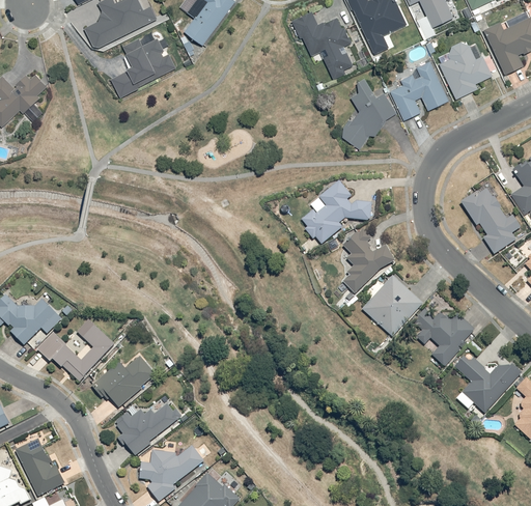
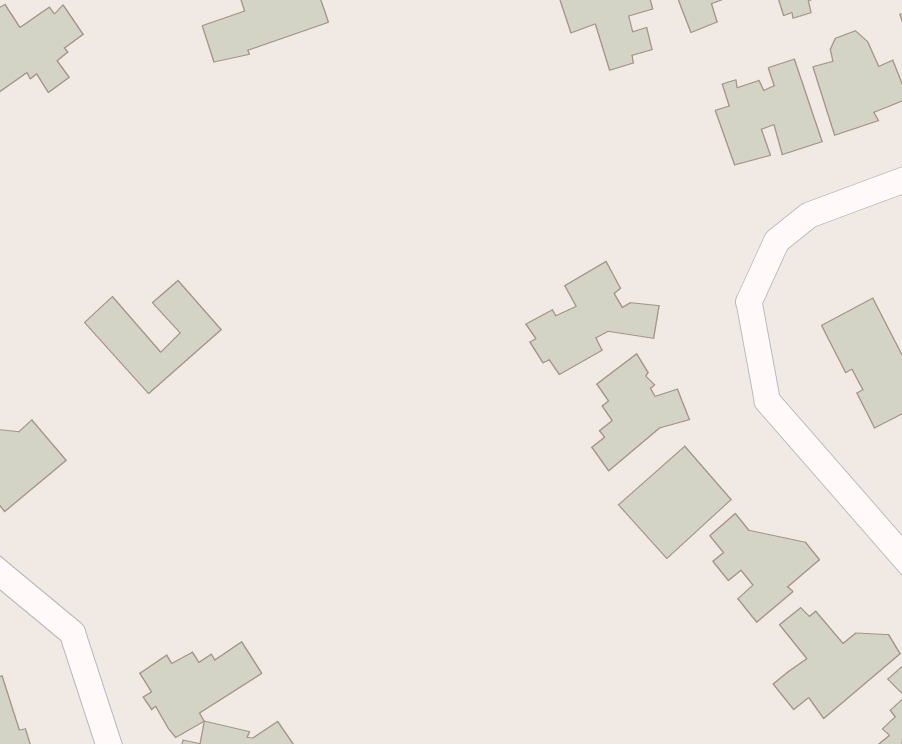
building: [343,79,396,148] -> none
building: [39,317,113,380] -> [85,280,221,393]
building: [92,361,156,411] -> none

